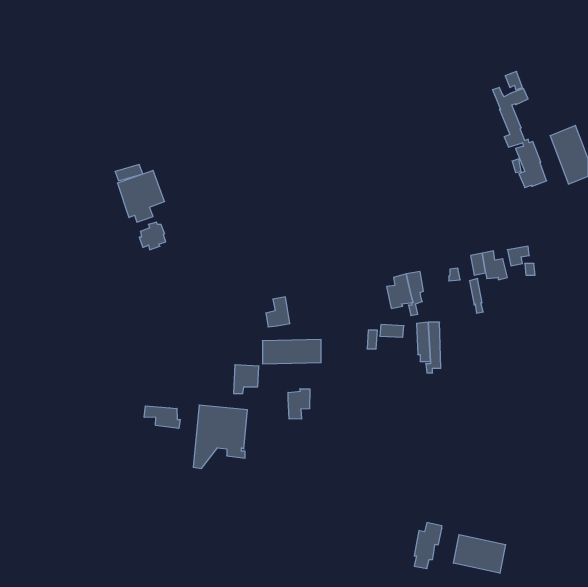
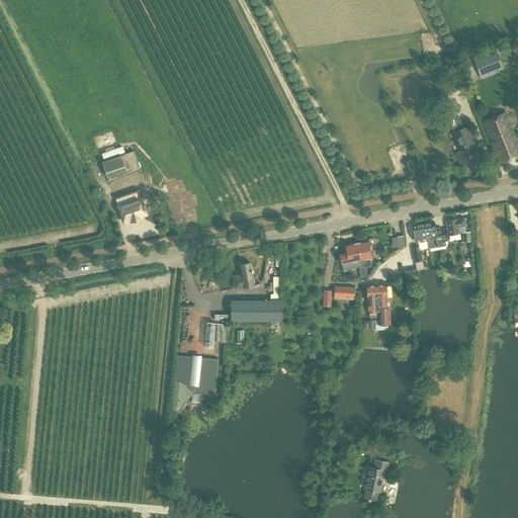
building: none -> [474,53,503,80]
building: [288,389,310,419] -> none
building: [144,406,180,428] -> none
building: [453,535,506,573] -> none

